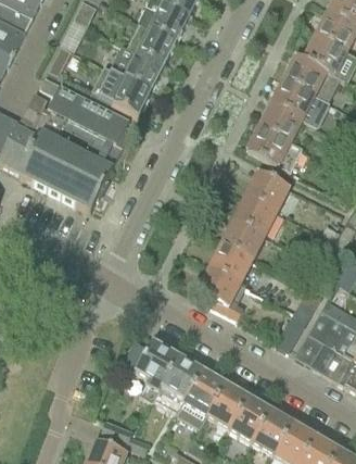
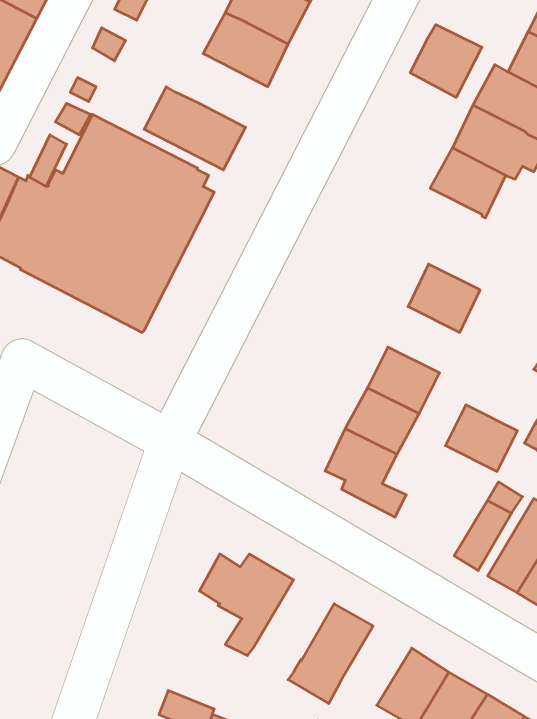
building: none -> [410,25,482,97]
building: [110,43,164,89] -> none
building: [247,125,302,172] -> none
building: [234,195,277,234] -> [445,405,517,471]
building: [155,355,203,410] -> none
building: [206,383,249,429] -> none

